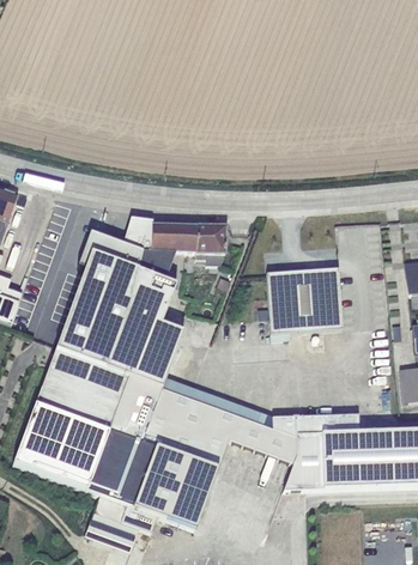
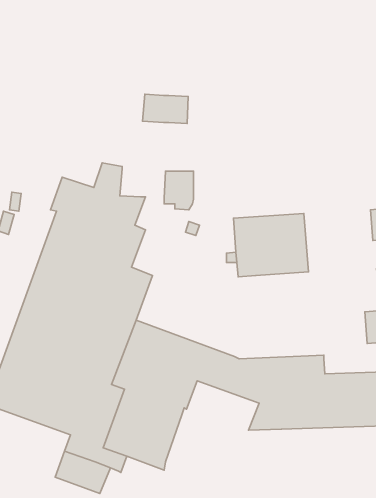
building: [150,221,196,251] -> [143,94,188,124]

